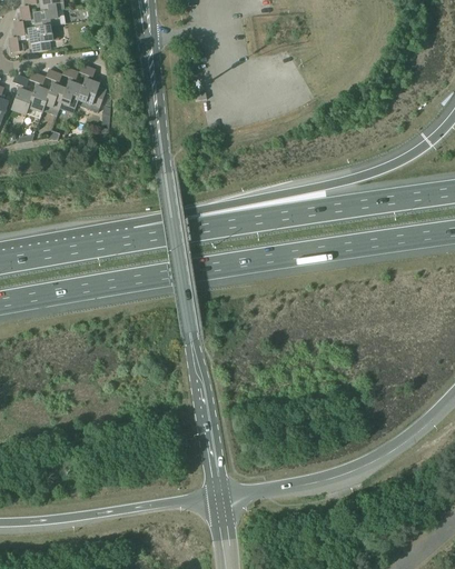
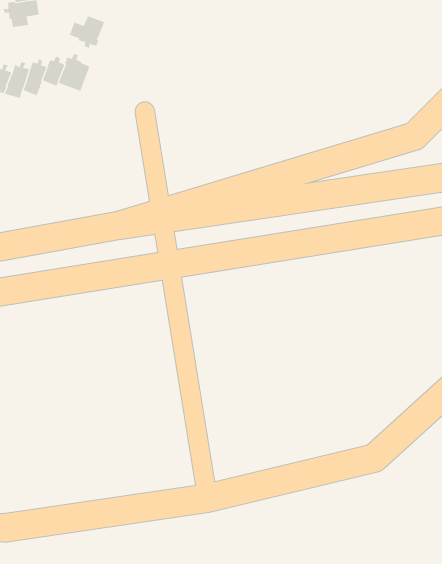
building: none -> [69,16,105,49]

